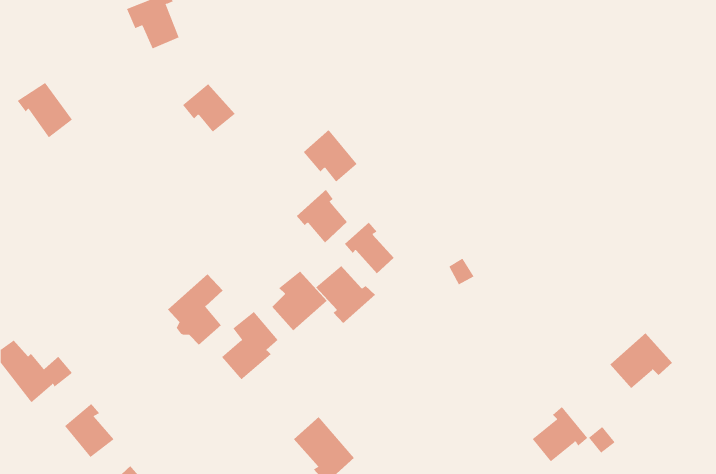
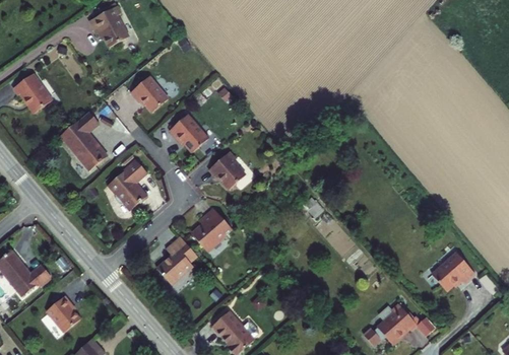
building: [303,129,358,183] -> [171,114,209,151]
building: none -> [60,111,108,169]
building: [344,222,394,274] -> none
building: [315,265,376,324] -> none
building: [167,273,223,345] -> [105,161,144,212]

